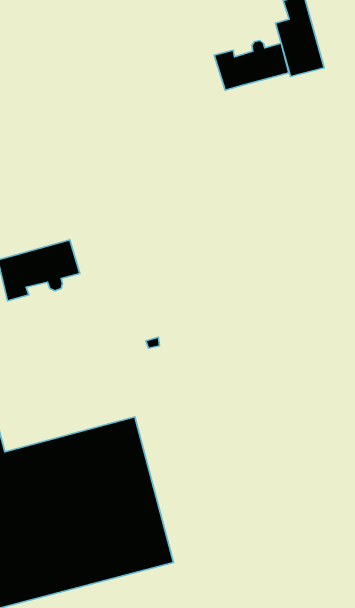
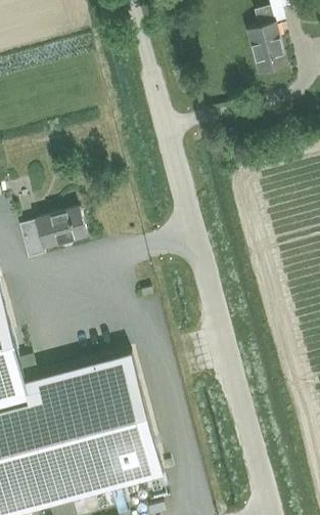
building: [214,40,289,90] -> none

